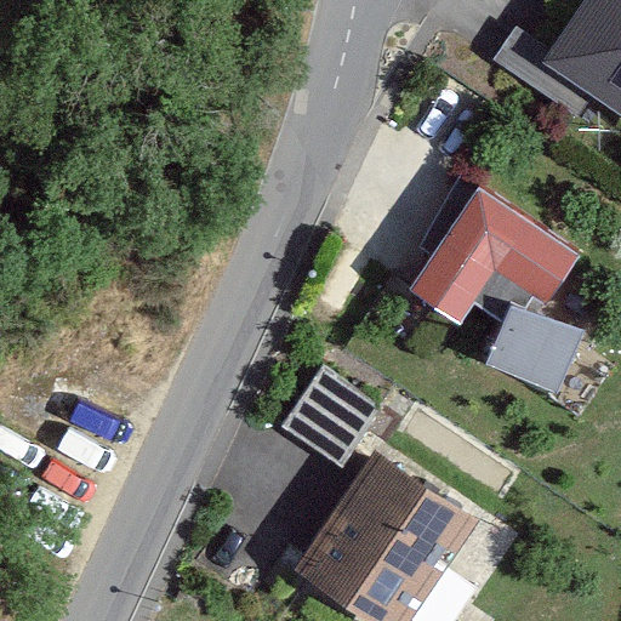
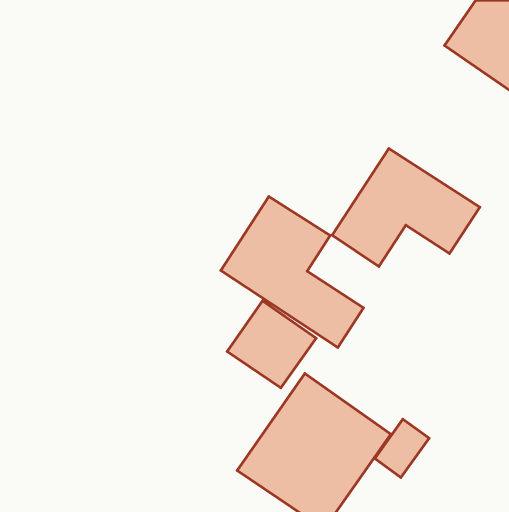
building: none -> [221,197,364,347]
building: [479,302,576,394] -> none

